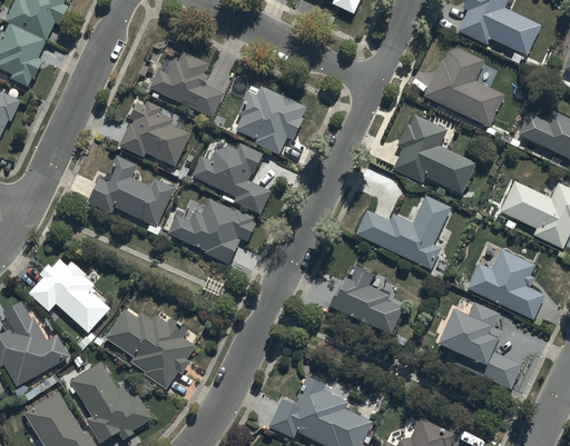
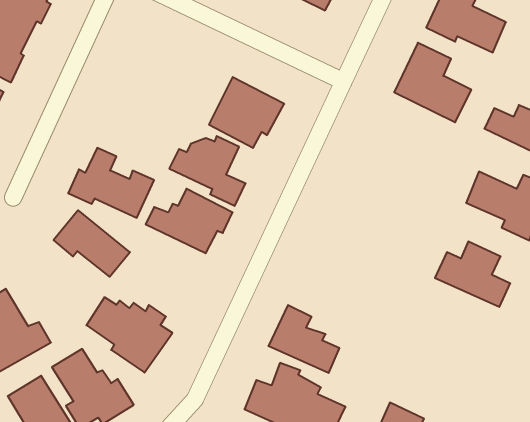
building: [148,51,224,118] -> none
building: [118,102,190,167] -> none
building: [391,115,476,194] -> none
building: [354,195,451,270] -> none
building: [31,262,110,331] -> [54,210,130,277]
building: [330,265,403,335] -> [268,305,339,373]
building: [439,301,523,390] -> none

